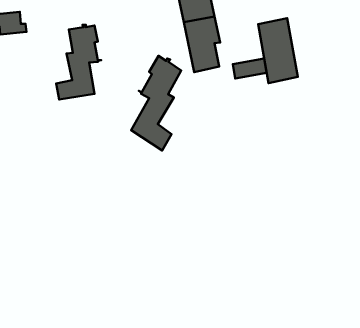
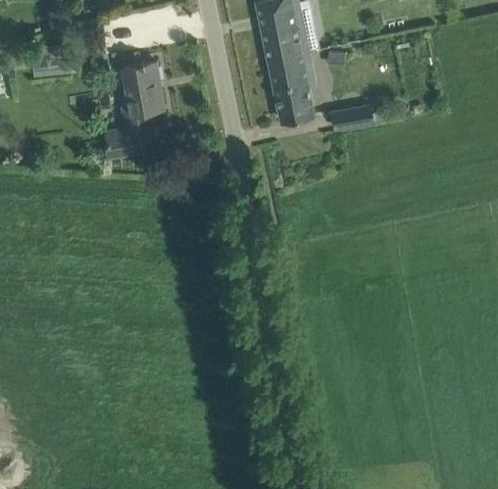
building: [258,18,298,83] -> none
building: [131,56,181,150] -> none

